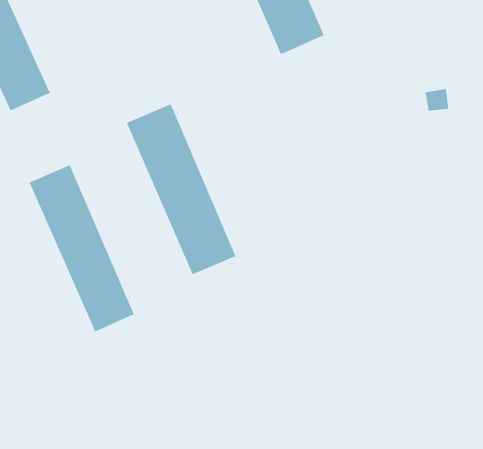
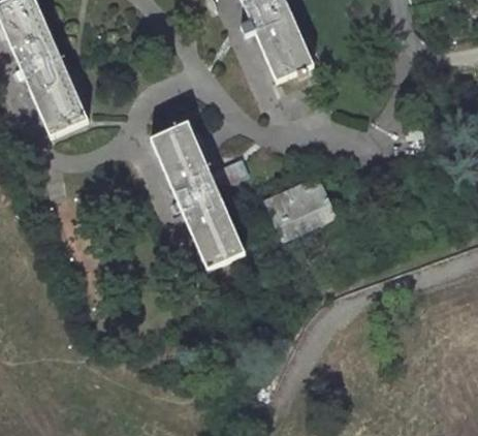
building: [29,164,135,332] -> none
building: none -> [263,184,331,238]

